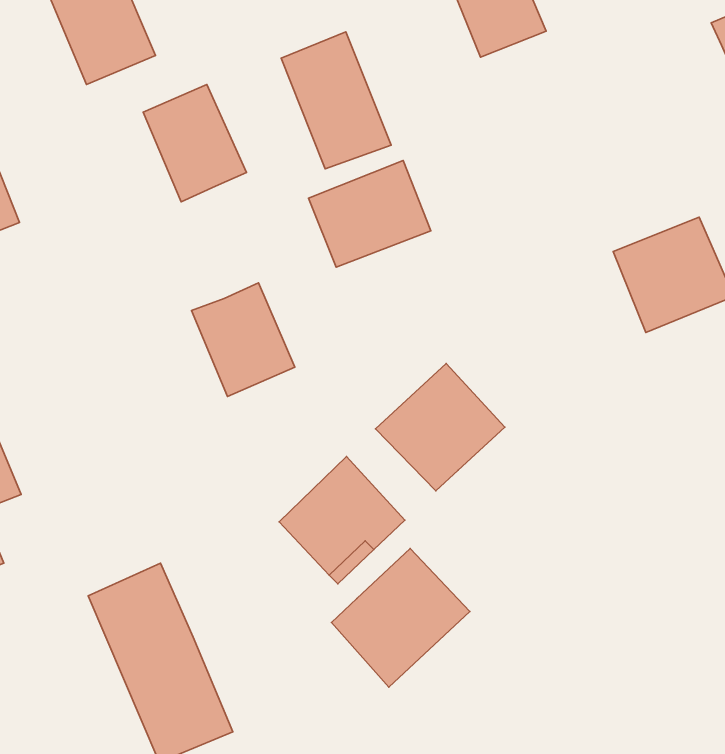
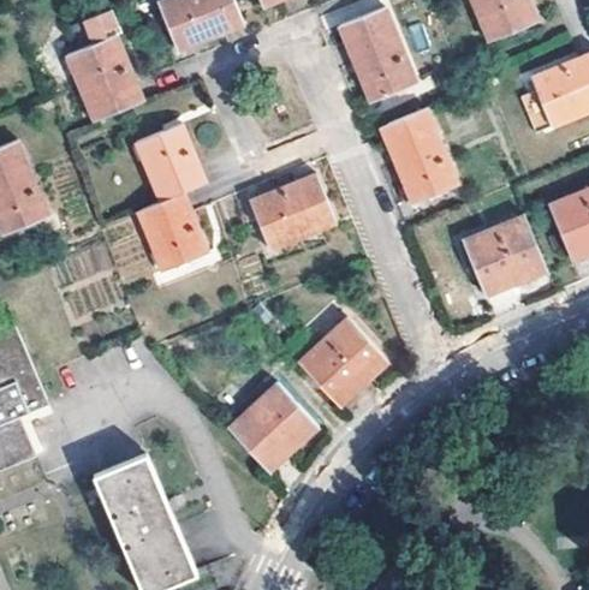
building: [281,32,391,169] -> none
building: none -> [380,107,457,203]
building: [192,283,295,397] -> [137,192,209,272]
building: [331,549,470,687] -> none

